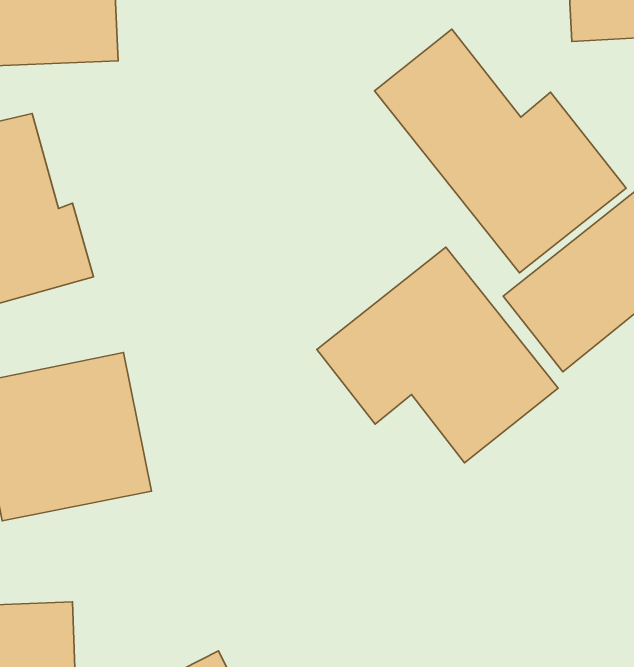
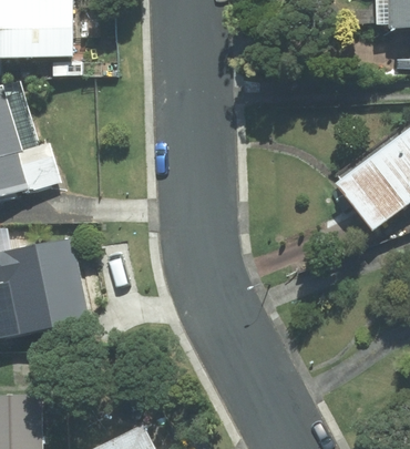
building: [375,29,626,273] -> none
building: [317,247,558,463] -> none

